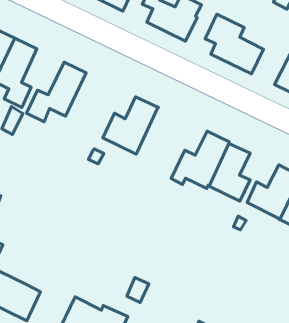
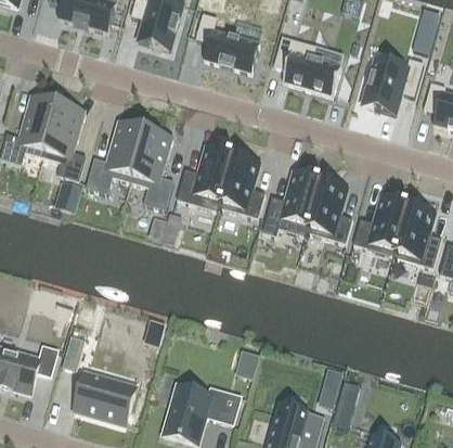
building: none -> [130,127,172,207]
building: none -> [219,153,264,217]

